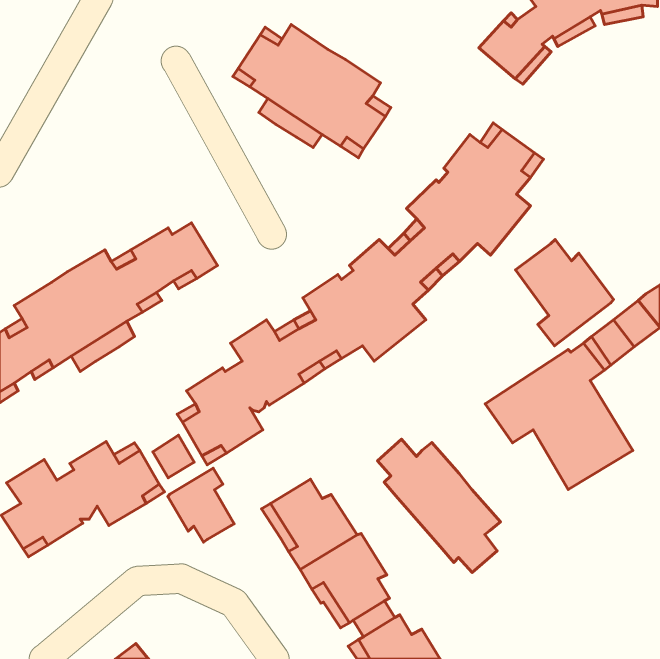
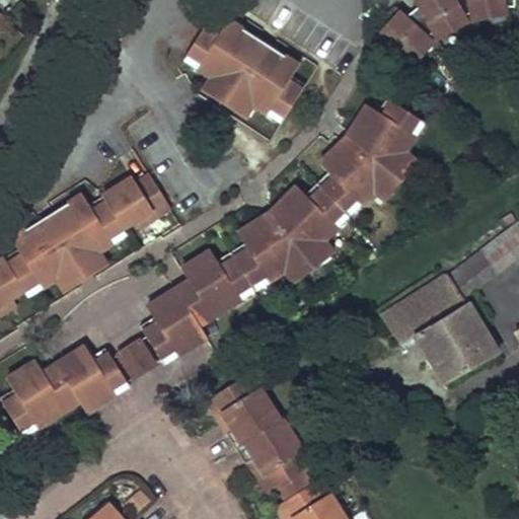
building: [515,240,613,346] -> none
building: [377,439,500,572] -> none
building: [168,468,234,542] -> none

